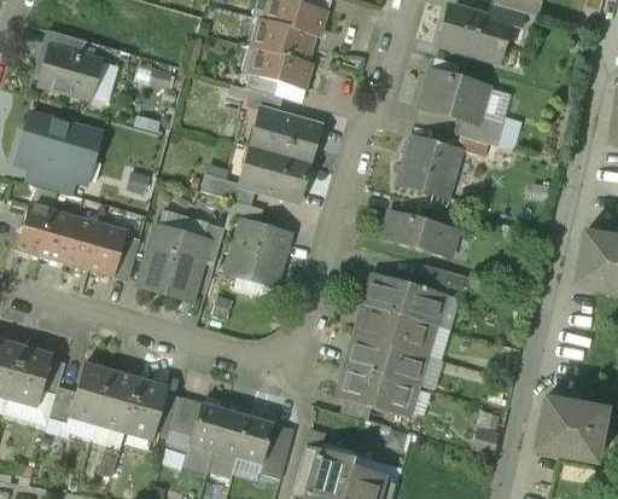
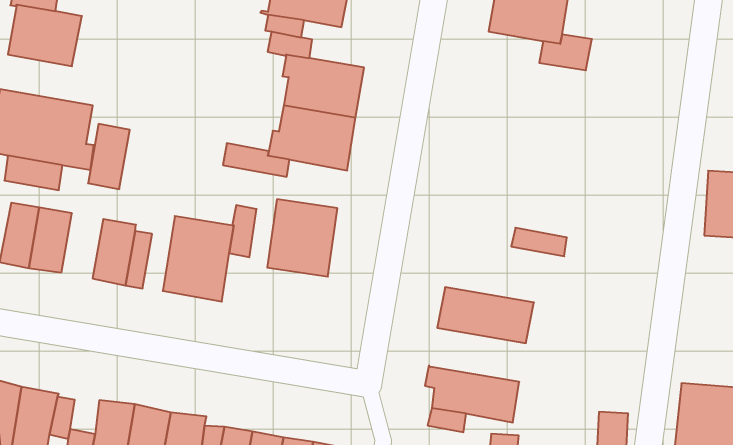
building: [398,139,459,197] -> none
building: [384,213,455,256] -> none
building: [64,215,101,268] -> [88,124,130,189]
building: [366,274,443,324] -> none
building: [348,336,425,385] -> none

